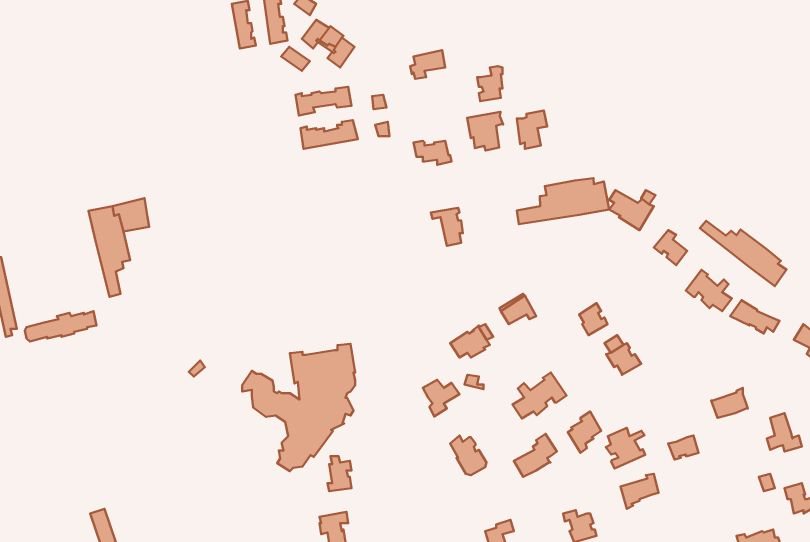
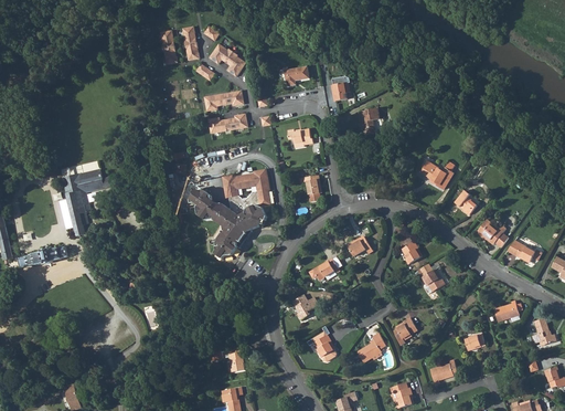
building: [467,112,503,151] -> none
building: [517,178,609,224] -> none
building: [700,221,787,286] -> none
building: [242,344,355,471] -> [190,169,268,257]
building: [512,373,567,419] -> none
building: [606,428,645,469] -> none

